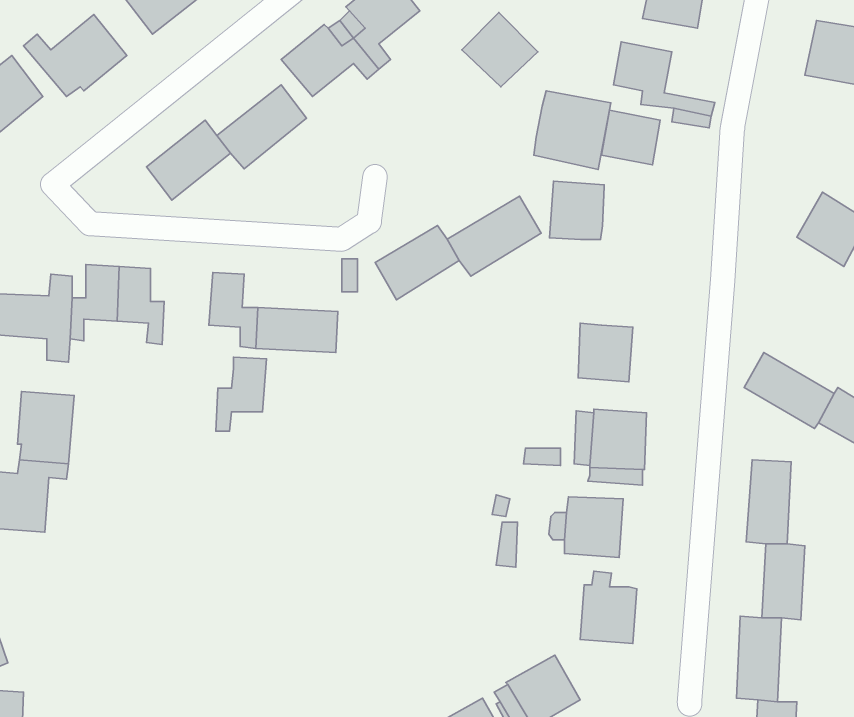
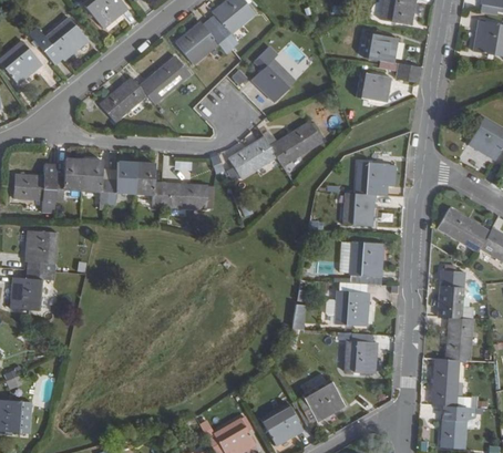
building: [462,13,538,87] -> [252,59,295,101]
building: [534,91,611,170] -> none
building: [550,181,604,240] -> [357,161,388,194]
building: [216,357,267,431] -> [107,162,136,204]

